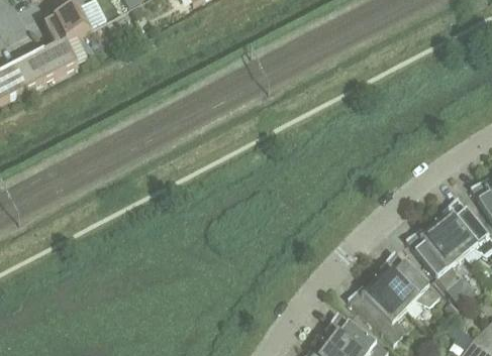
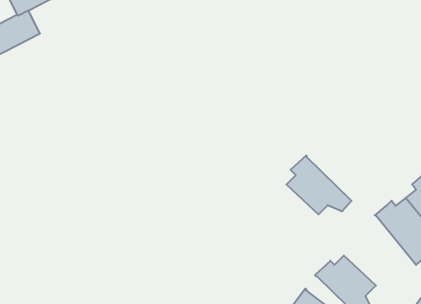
building: [375,251,438,309] -> [286,155,352,214]

